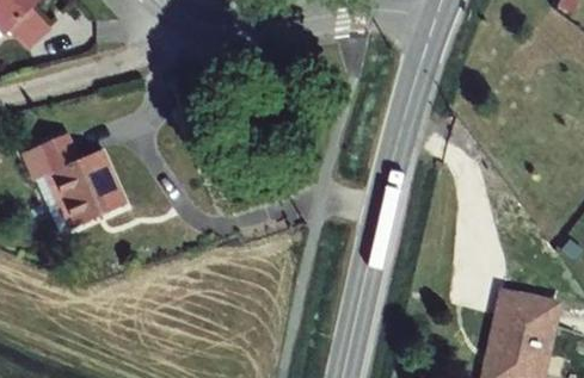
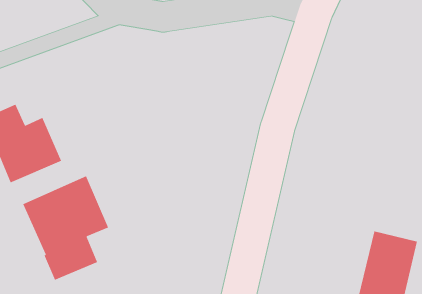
building: none -> [22,175,109,281]

